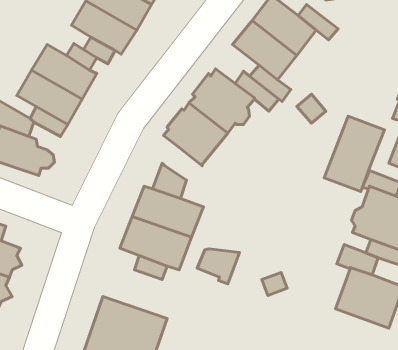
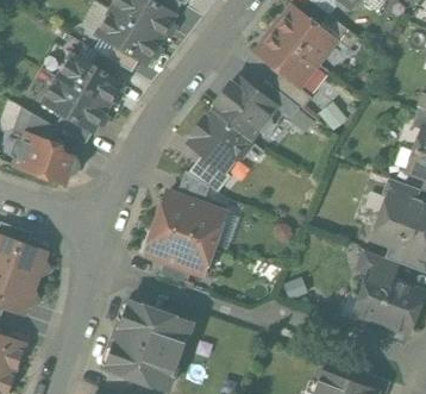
building: [324,116,385,192] -> none
building: none -> [188,155,231,193]
building: [197,249,240,284] -> none

